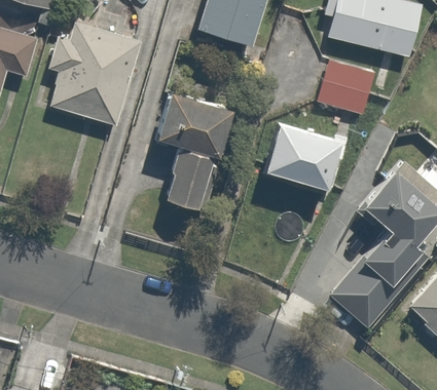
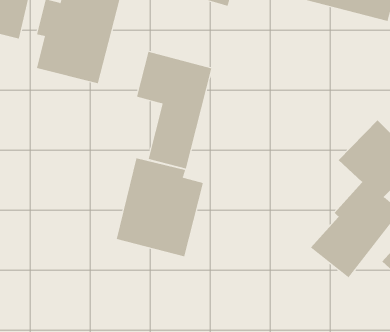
building: [320,58,380,117] -> none
building: [262,118,338,189] -> none
building: none -> [116,157,204,257]

